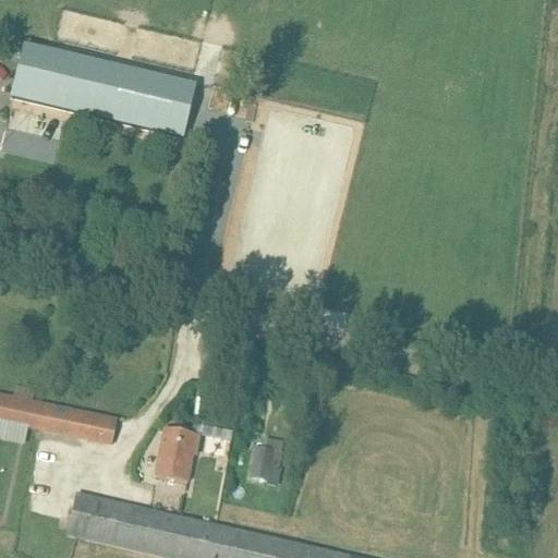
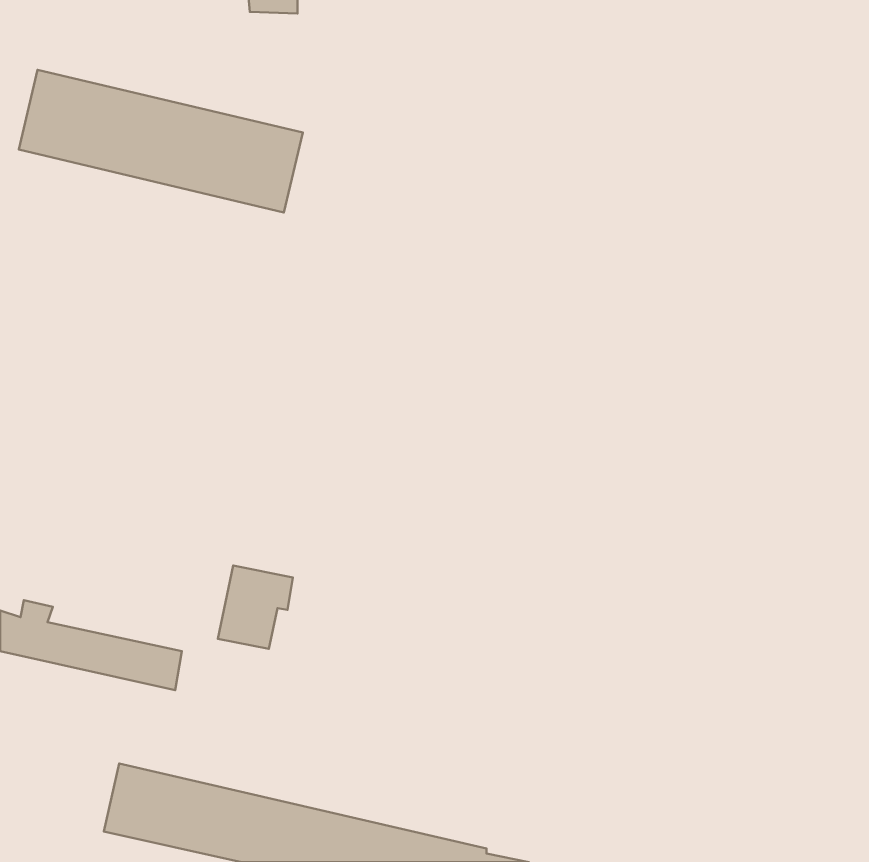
building: [154,427,202,481] -> [218,566,293,649]
building: [251,447,282,482] -> none

